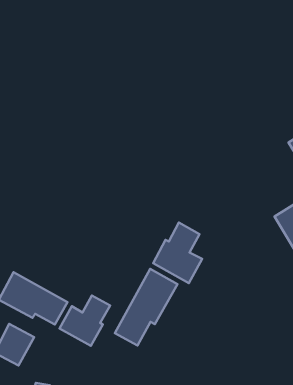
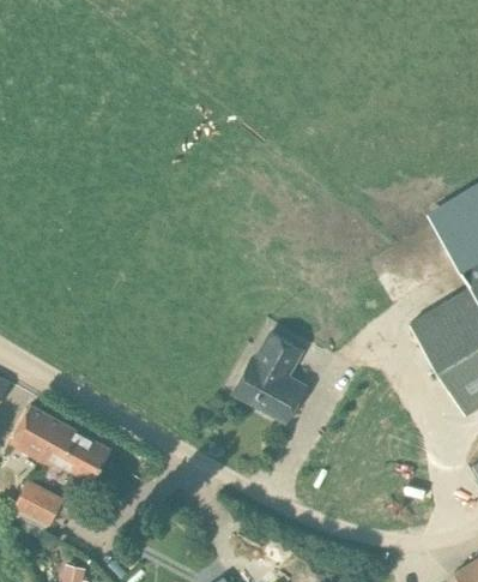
building: [115,269,178,345] -> none
building: [59,296,110,346] -> none

